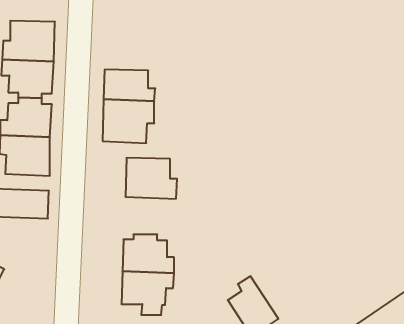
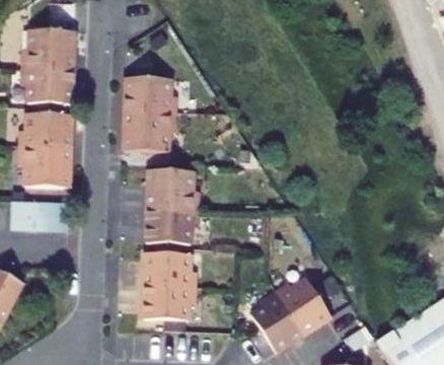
building: none -> [145,208,199,246]
building: none -> [275,277,330,333]

